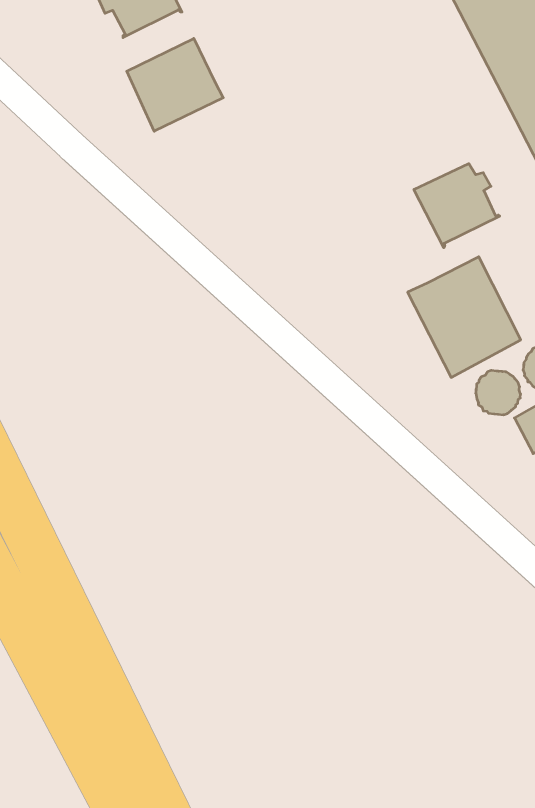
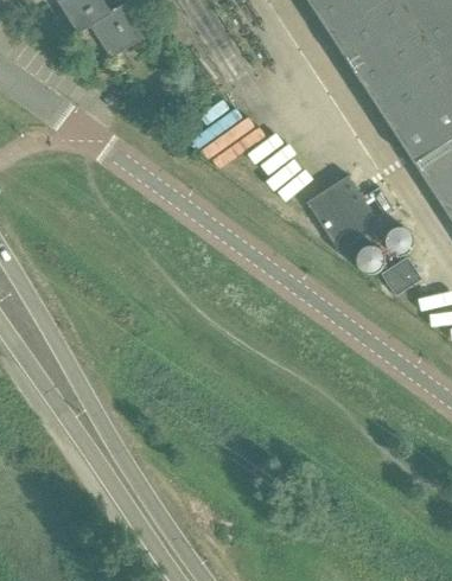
building: [127,38,223,131] -> none
building: [414,164,500,248] -> none

